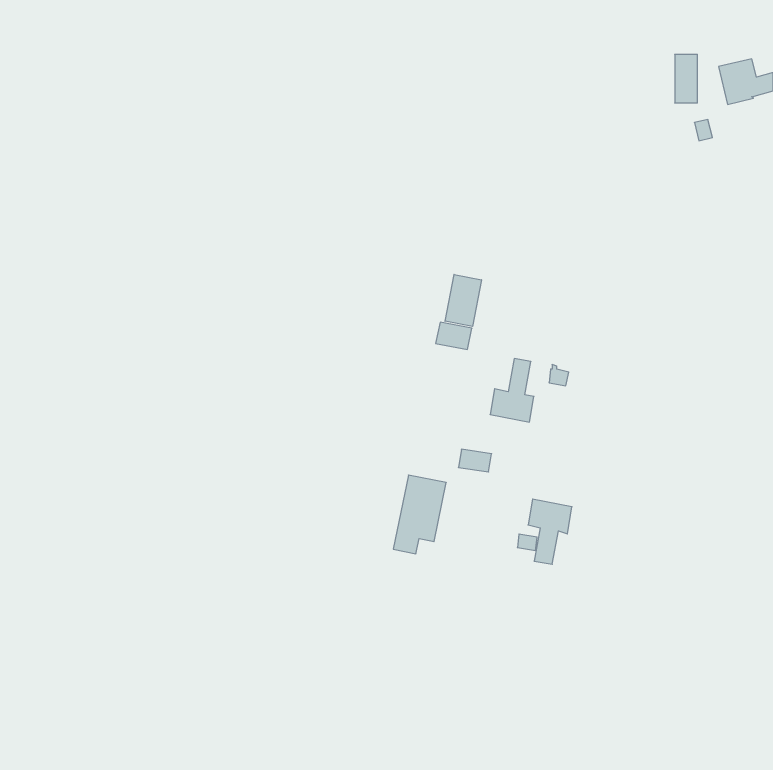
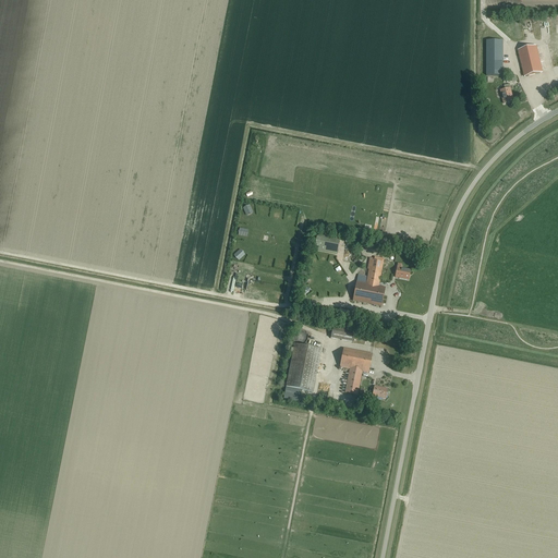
building: [445,274,481,326] -> none
building: [528,499,572,564] -> [340,347,372,393]

